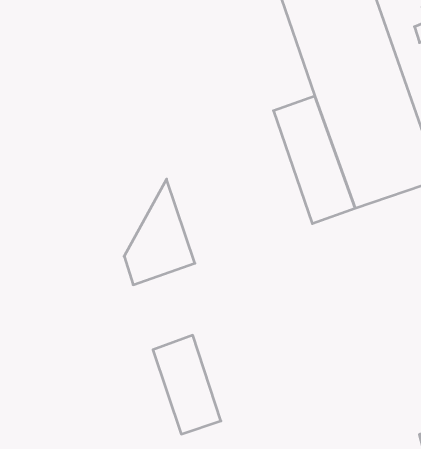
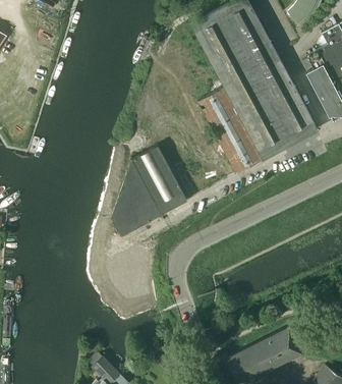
building: [153,335,221,434] -> [133,145,187,213]

